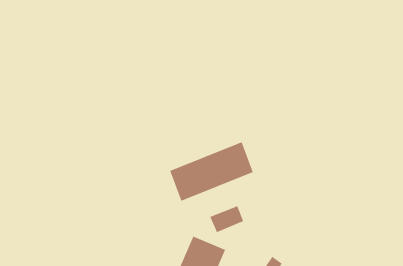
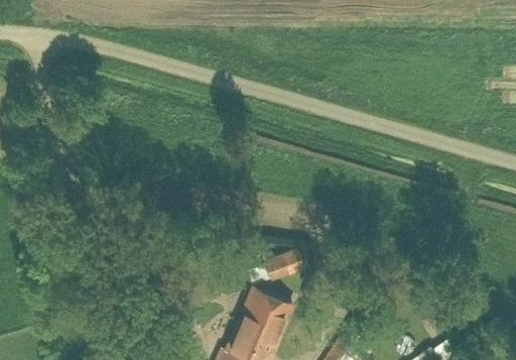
building: [169,141,254,202] -> none

